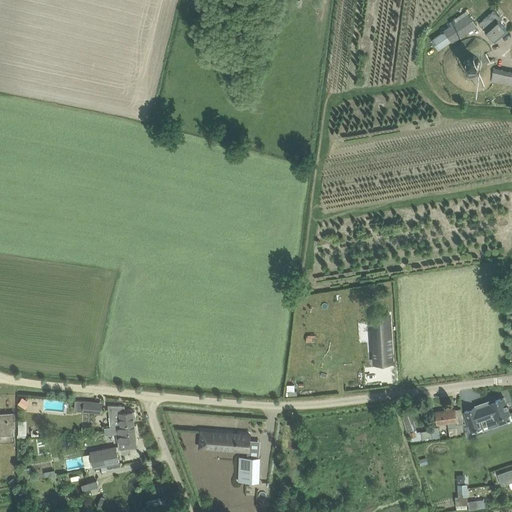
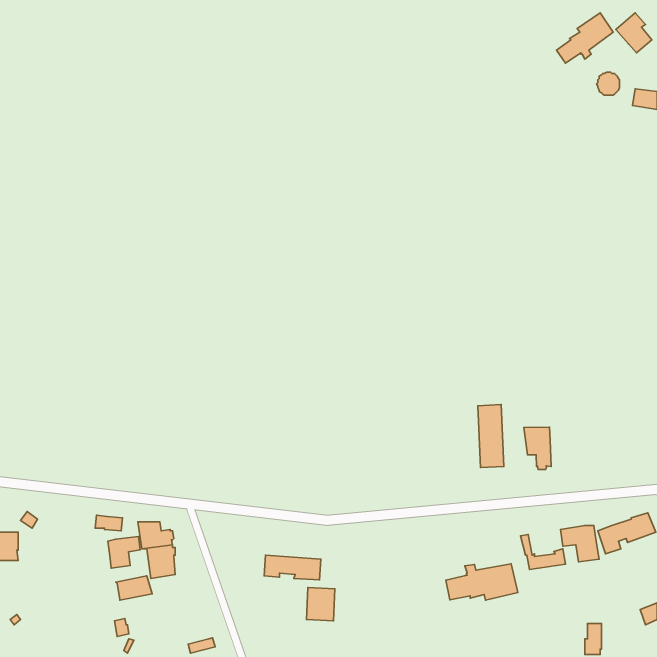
building: none -> [524,427,551,469]
building: none -> [108,536,140,568]
building: none -> [446,564,518,600]

